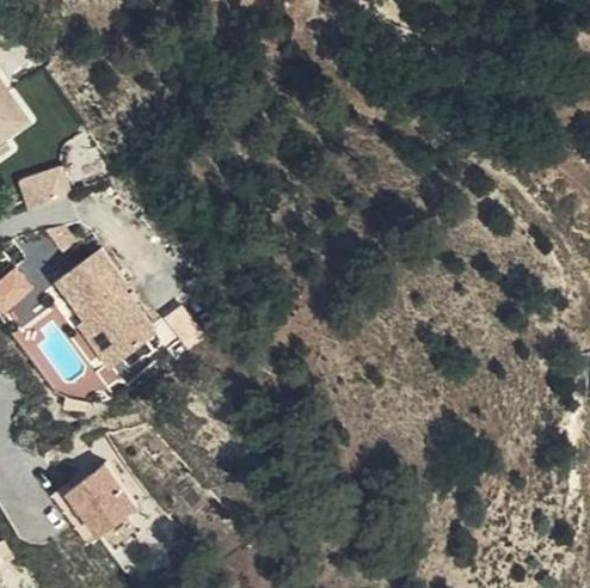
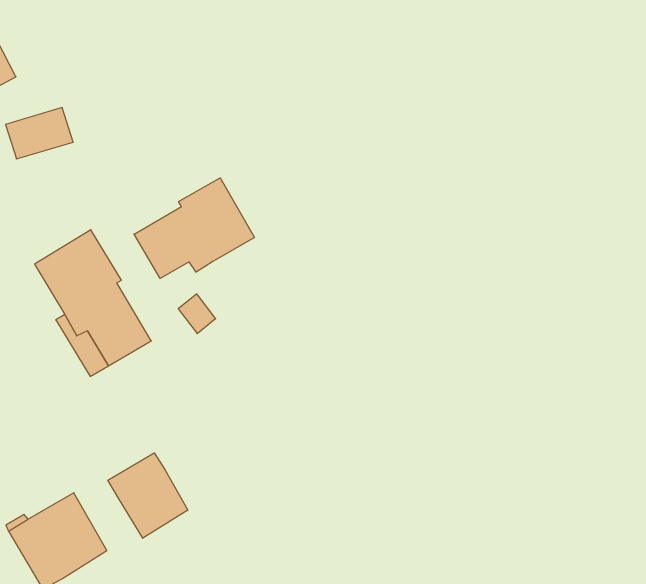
building: none -> [134,178,254,278]
building: none -> [108,453,188,538]

